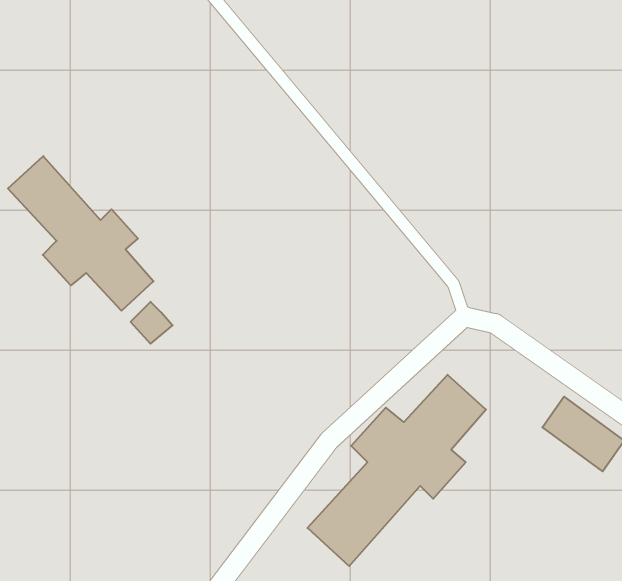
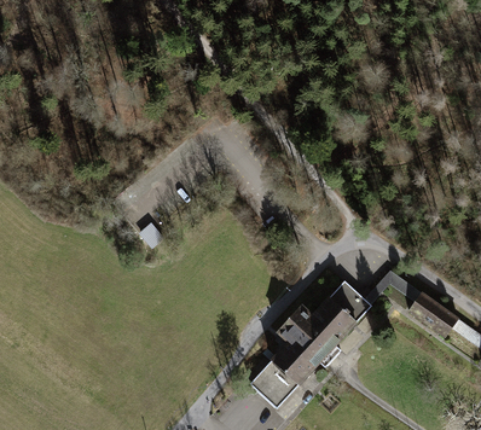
building: [8,156,154,311] -> none

